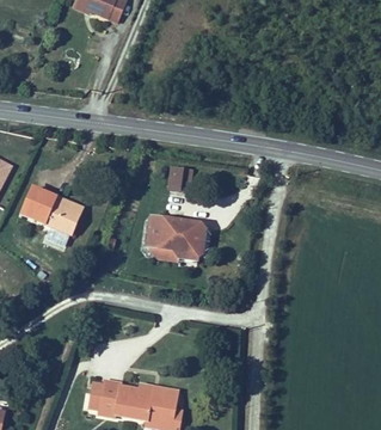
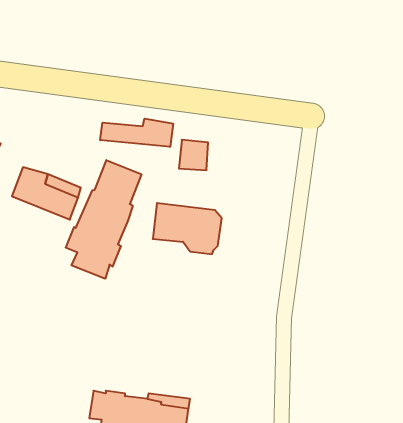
building: none -> [100,119,173,147]
building: none -> [66,160,141,279]

